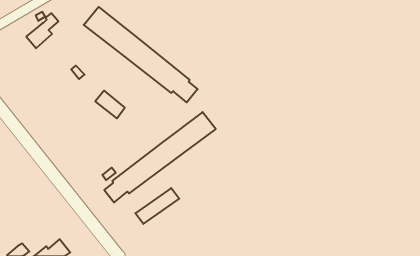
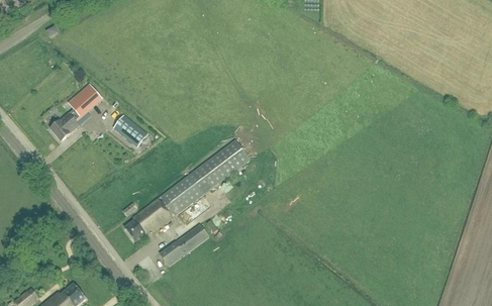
building: [84,7,198,102] -> none
building: [26,13,58,48] -> [50,101,86,140]

